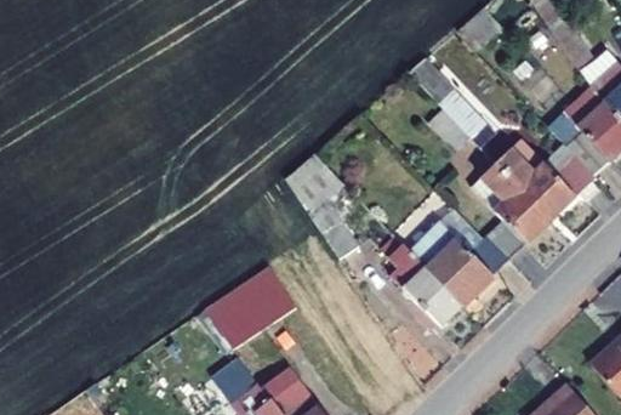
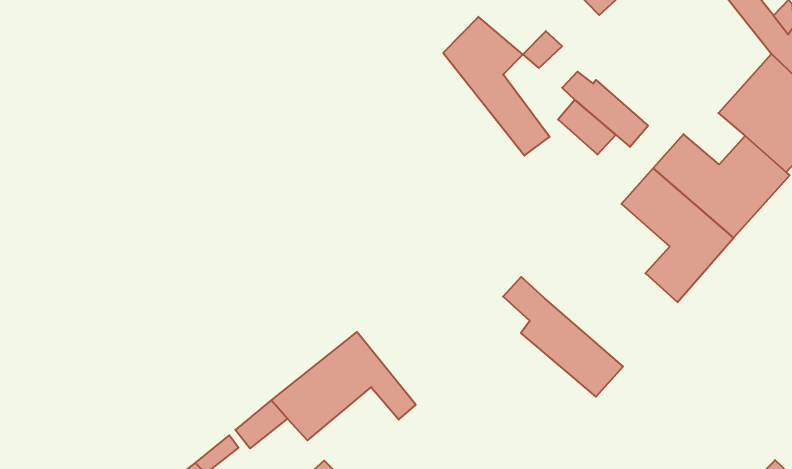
building: [286,154,359,258] -> [443,17,550,156]
building: [409,208,506,307] -> none

